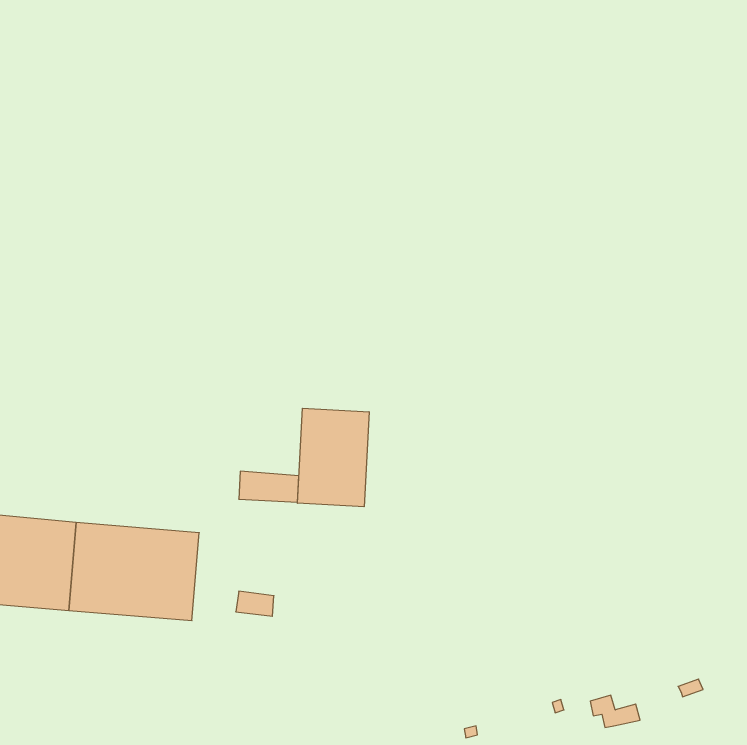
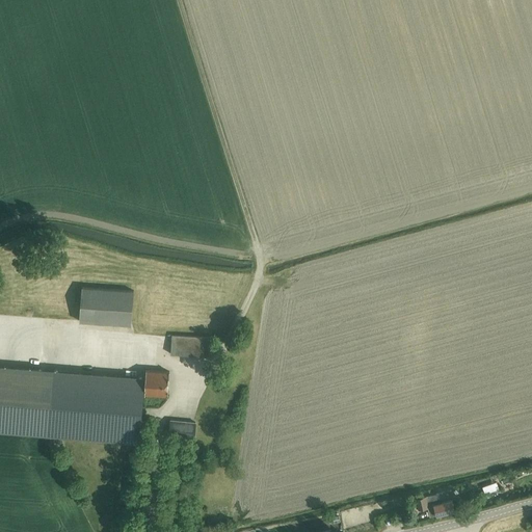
building: none -> [79,289,133,326]
building: [297,408,369,507] -> none
building: none -> [143,372,168,397]

